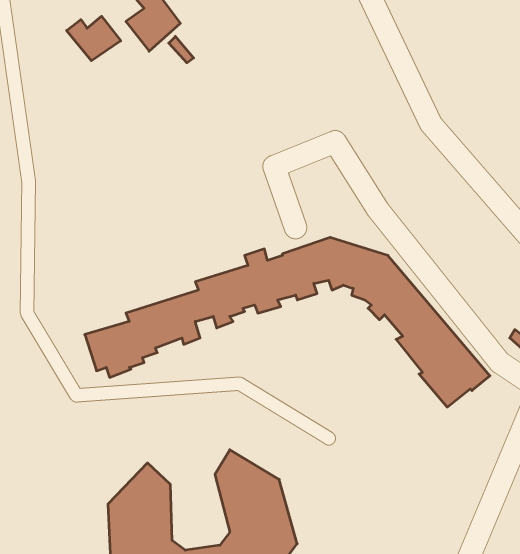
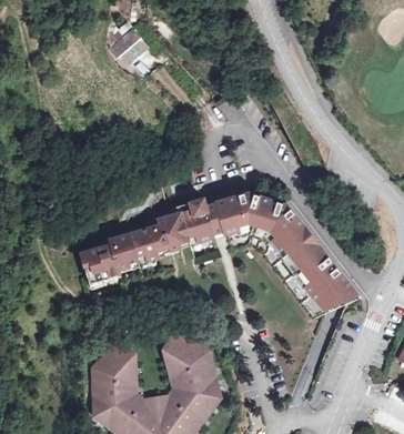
building: [67,16,121,61] -> none

